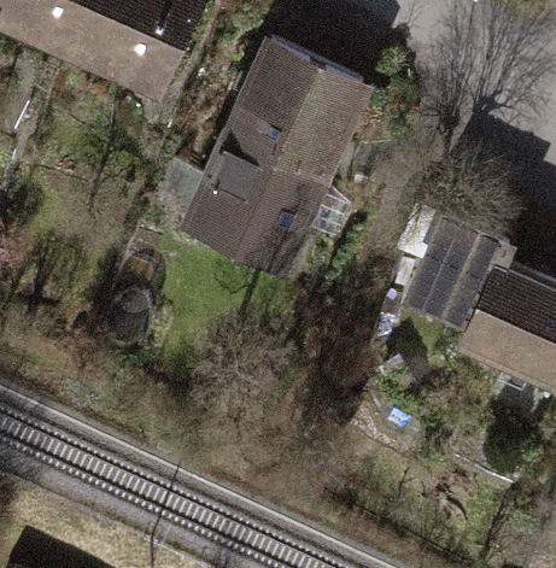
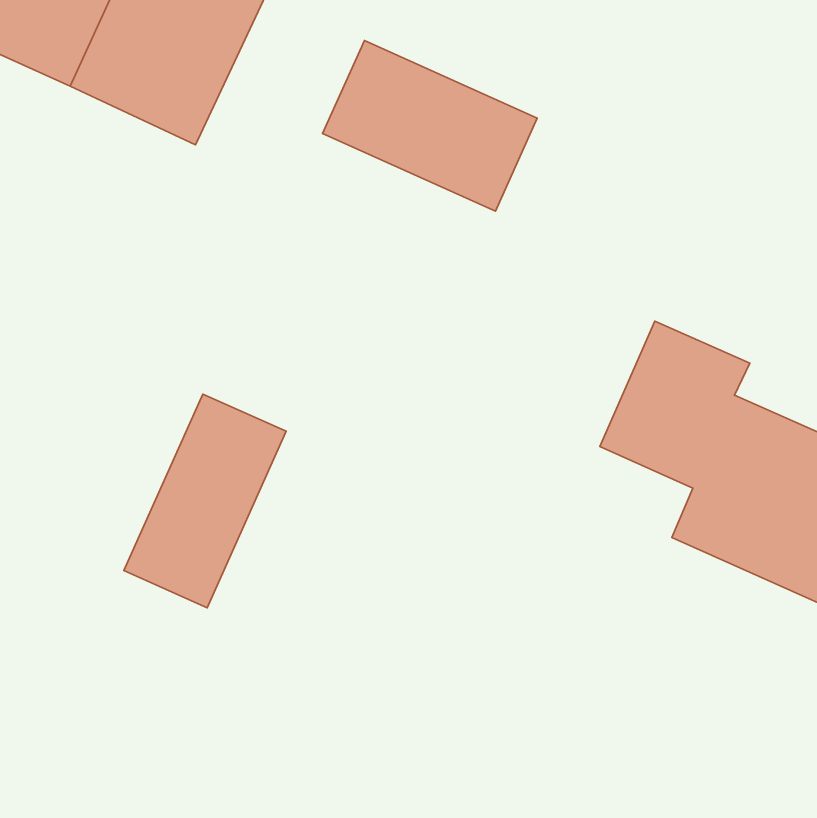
building: [178,93,349,276] -> none
building: none -> [124,394,286,608]

